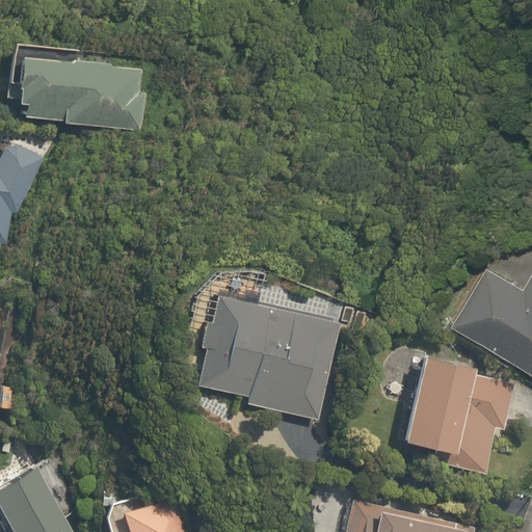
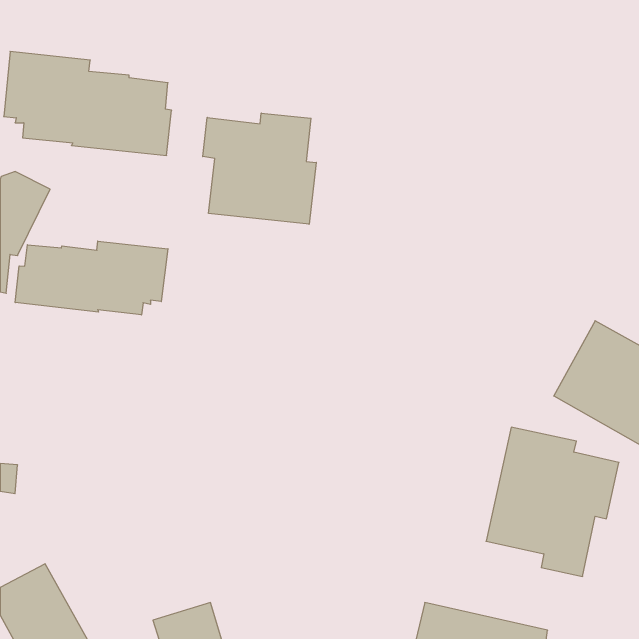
building: none -> [203,113,316,224]
building: none -> [15,241,168,315]
building: [195,296,337,419] -> none

